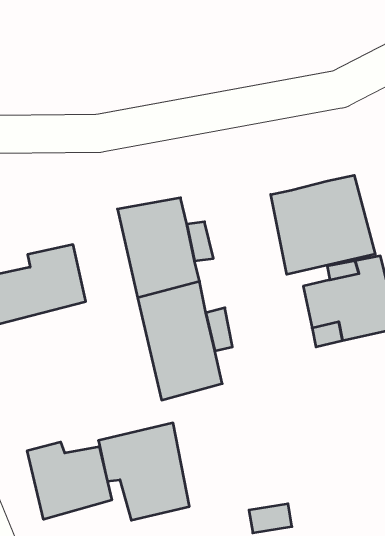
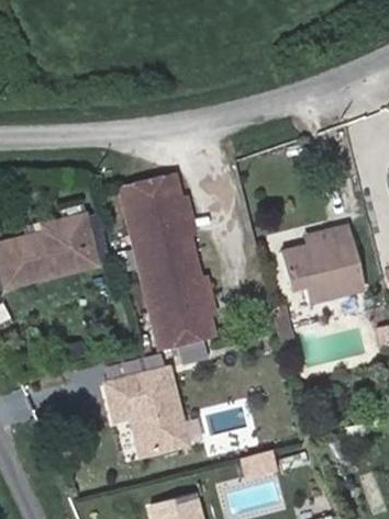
building: [271,175,375,274] -> none
building: [27,442,112,519] -> none

